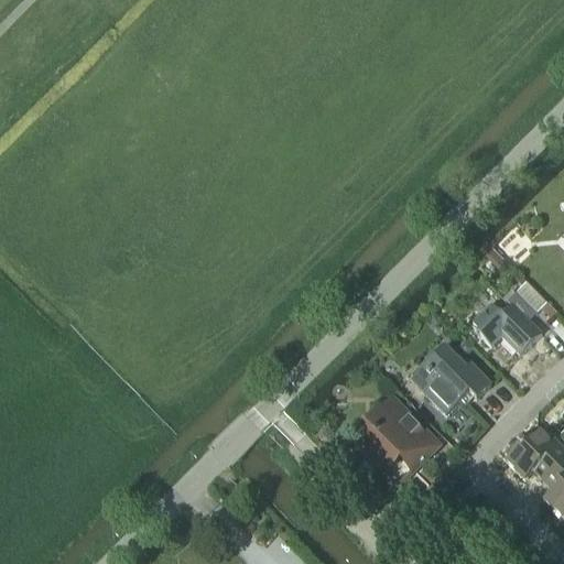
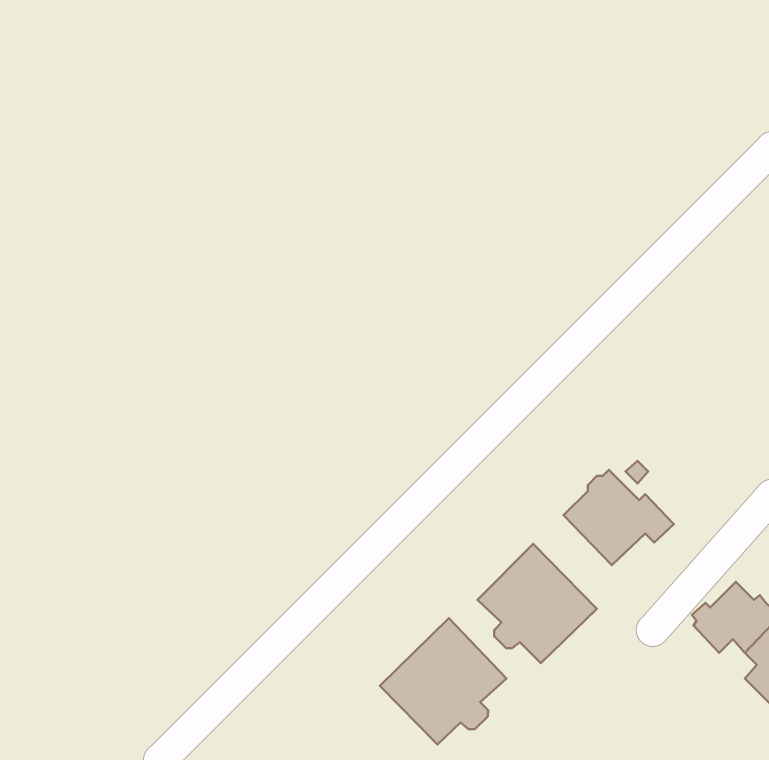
building: [470,288,544,351] -> none
building: none -> [380,618,506,744]

